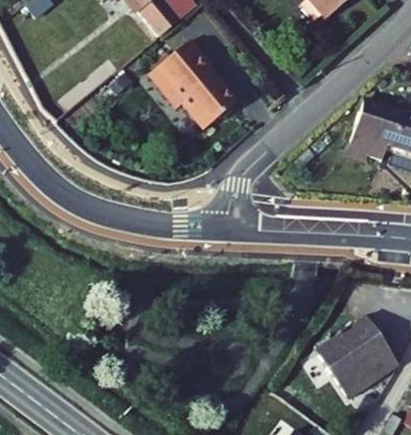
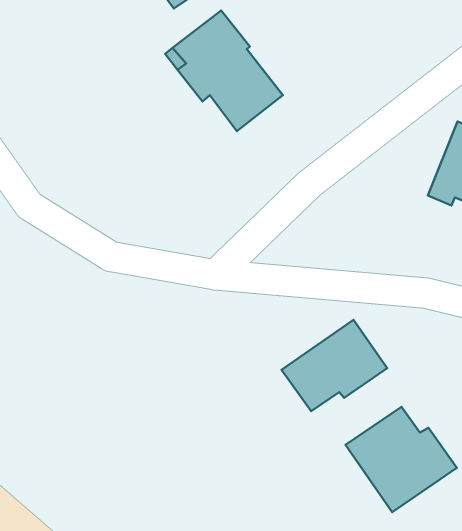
building: none -> [282,320,387,411]

